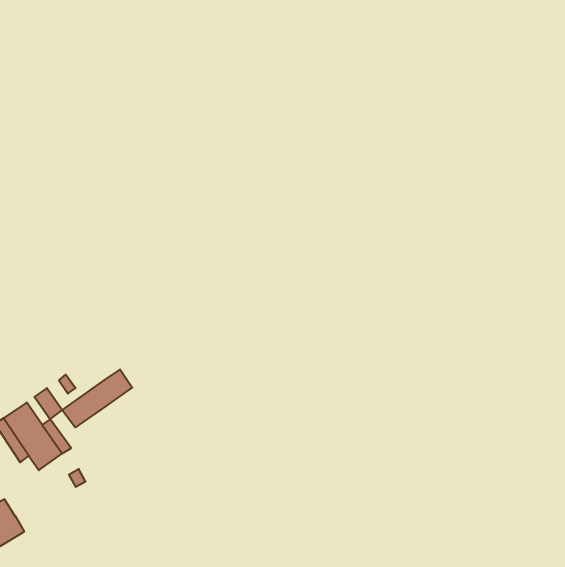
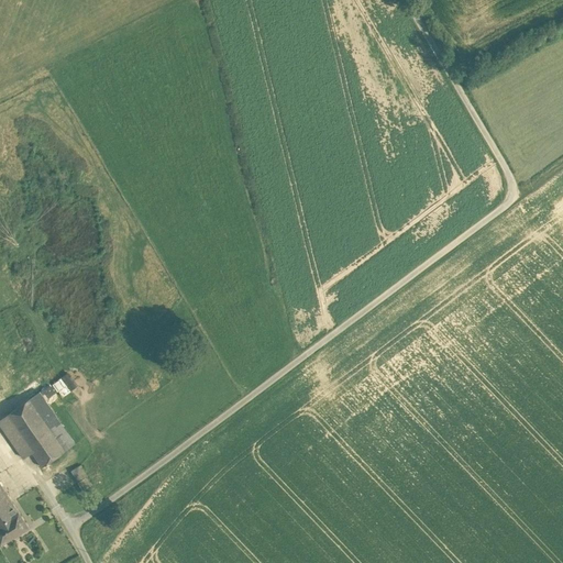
building: [62,369,132,427] -> none

